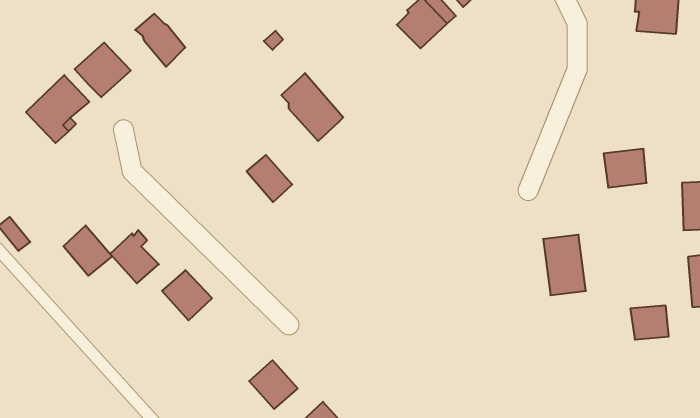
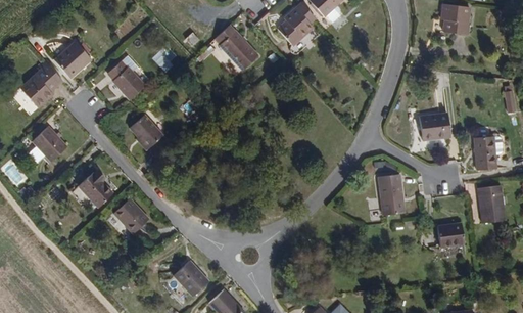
building: [135,14,185,67] -> [107,61,142,98]
building: [281,73,343,141] -> [213,24,256,71]
building: [247,155,292,202] -> [132,118,163,150]
building: [63,225,112,276] -> [33,126,66,161]

